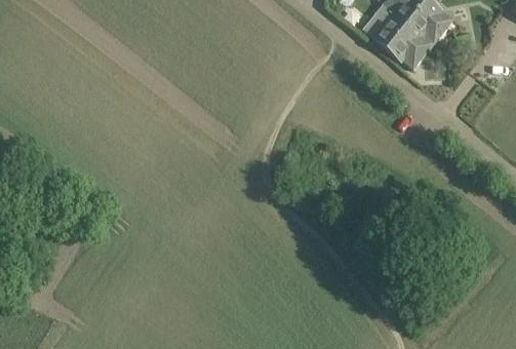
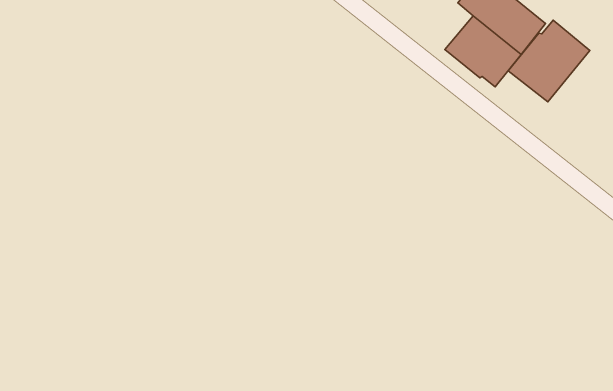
building: none -> [508,20,590,102]

